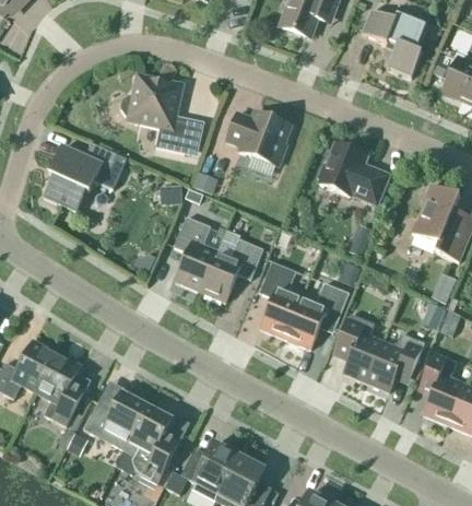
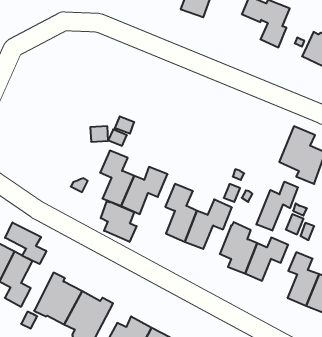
building: [120,75,204,155] -> none
building: [226,110,291,166] -> none
building: [45,142,126,210] -> none
building: [318,142,388,203] -> none
building: none -> [256,182,298,231]
building: none -> [101,201,137,242]
building: none -> [5,222,46,264]

